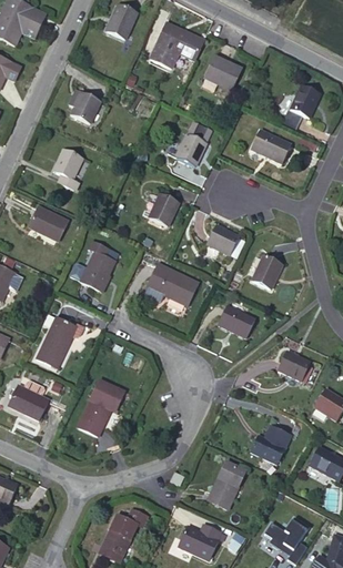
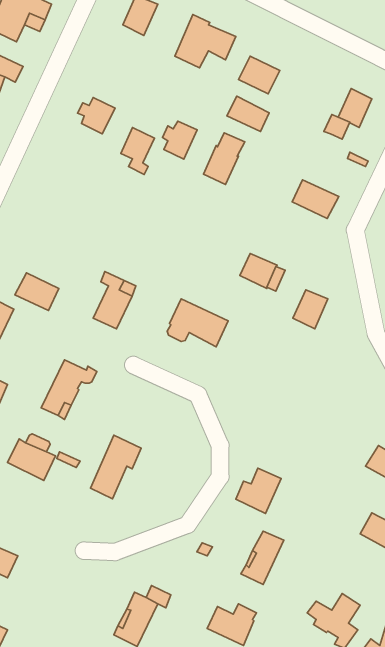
building: none -> [227,96,269,132]
building: none -> [162,121,197,159]
building: [251,129,291,162] -> [292,180,339,219]
building: [53,149,82,189] -> [121,128,155,174]
building: [149,193,179,225] -> none
building: [29,207,67,240] -> [15,273,59,310]
building: [219,305,254,337] -> none
building: [279,351,309,379] -> none
building: [251,425,290,464] -> [236,468,281,514]

